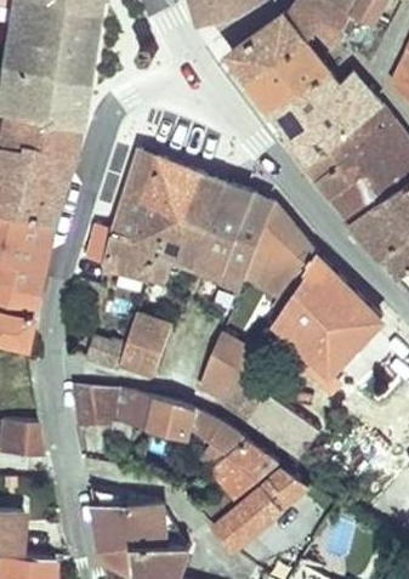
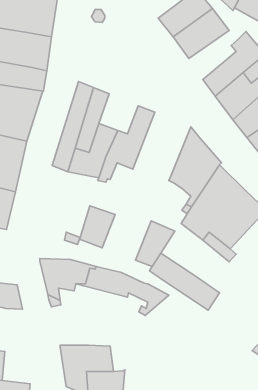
building: [274,72,341,140] -> none
building: [149,159,204,215] -> none
building: [195,185,277,279] -> none
building: [214,438,282,500] -> none
building: [214,481,284,552] -> none

